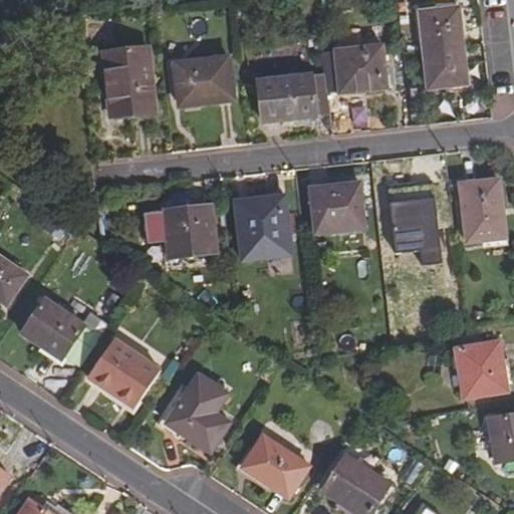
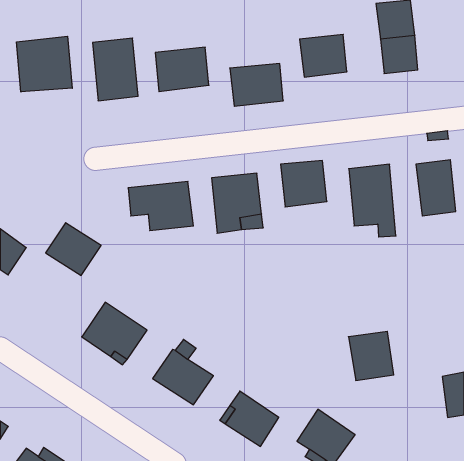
building: none -> [17,36,72,92]
building: [26,301,87,359] -> [46,223,101,275]
building: [456,345,506,400] -> [348,331,394,380]

